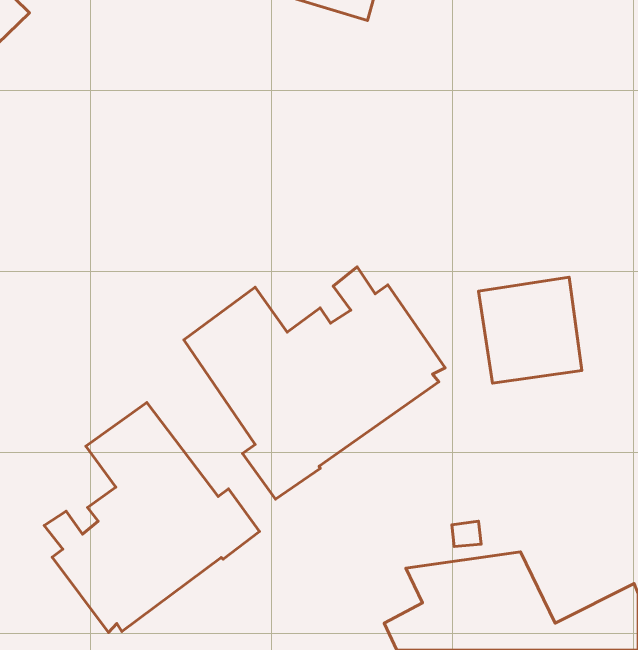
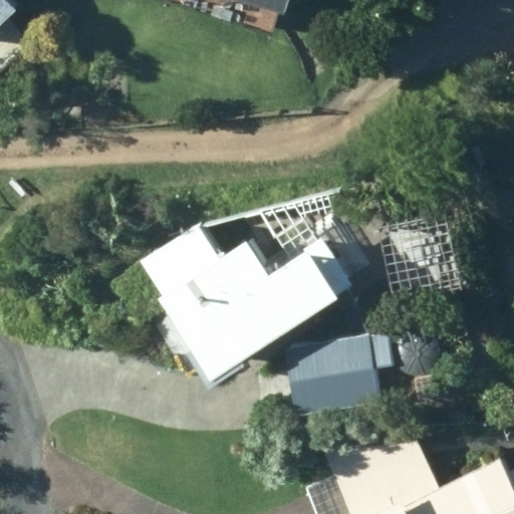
building: [44,403,259,632] -> none
building: none -> [281,333,374,419]

